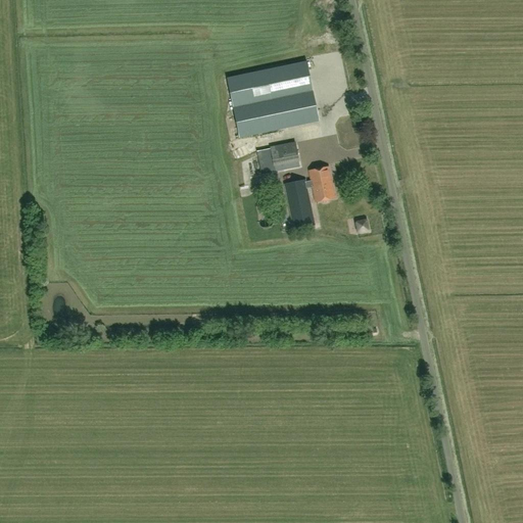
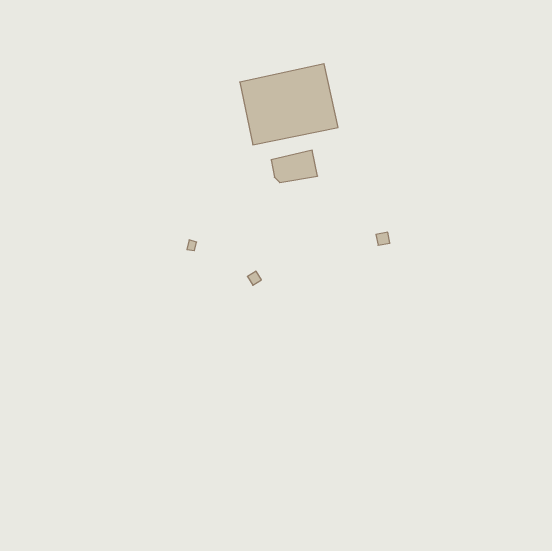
building: [283,165,335,230] -> none

